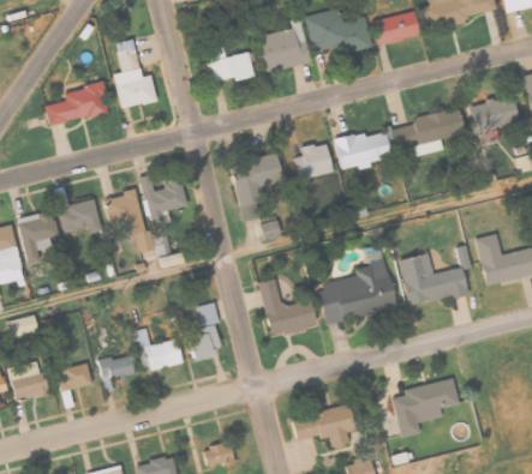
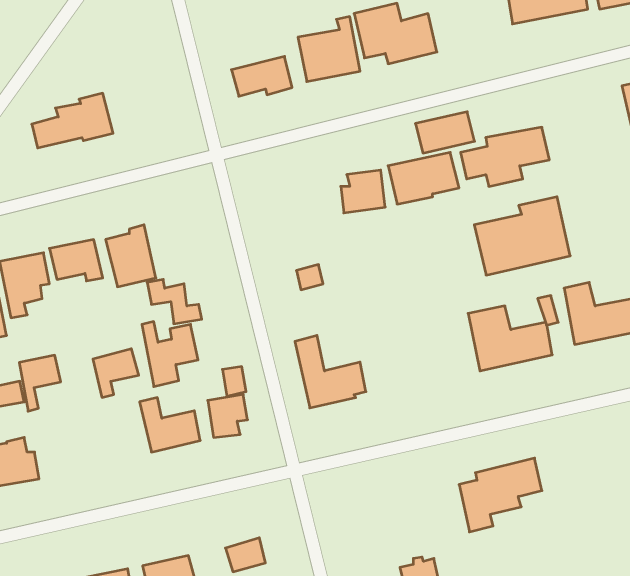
building: [372,11,420,44] -> [415,112,475,153]
building: [115,38,157,108] -> none
building: [470,95,519,131] -> none
building: [231,156,282,221] -> none
building: [142,174,187,227] -> [142,322,198,387]
building: [318,260,396,324] -> [474,197,570,275]
building: [98,353,136,392] -> [93,349,139,397]
building: [59,362,92,408] -> [19,355,61,411]
building: [291,403,357,446] -> none

